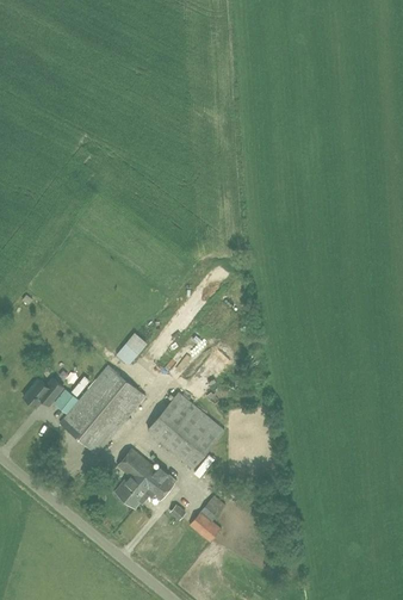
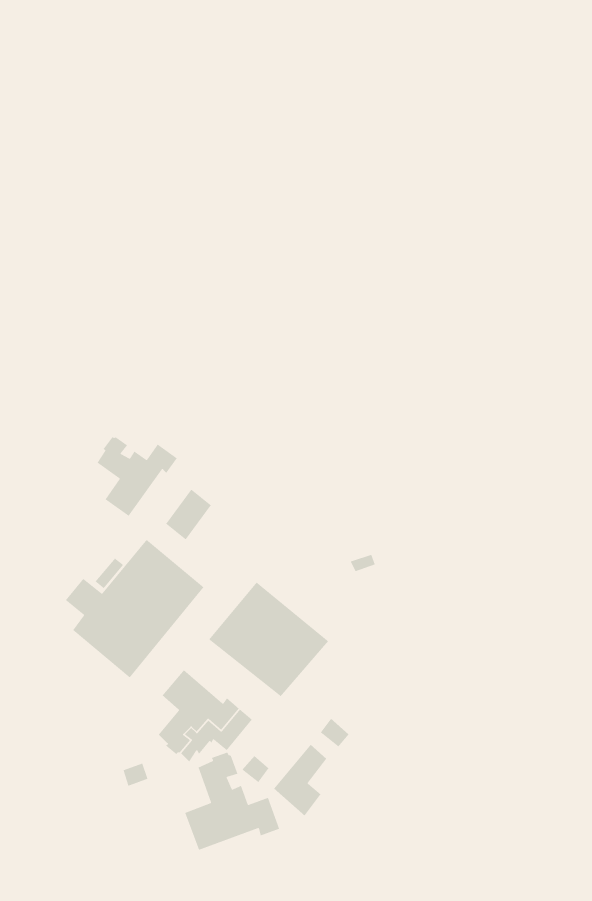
building: none -> [97,436,178,517]
building: [23,378,63,407] -> none
building: none -> [184,752,280,851]

